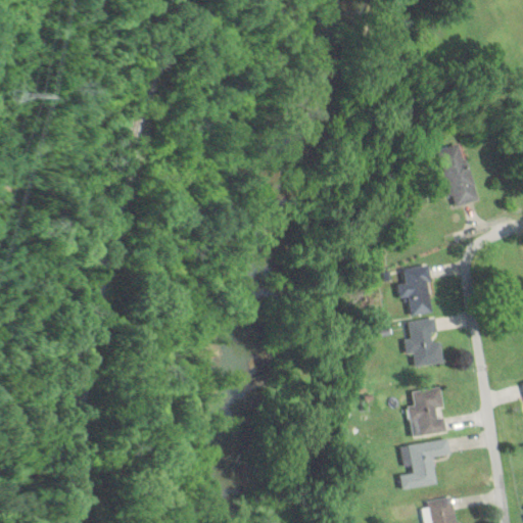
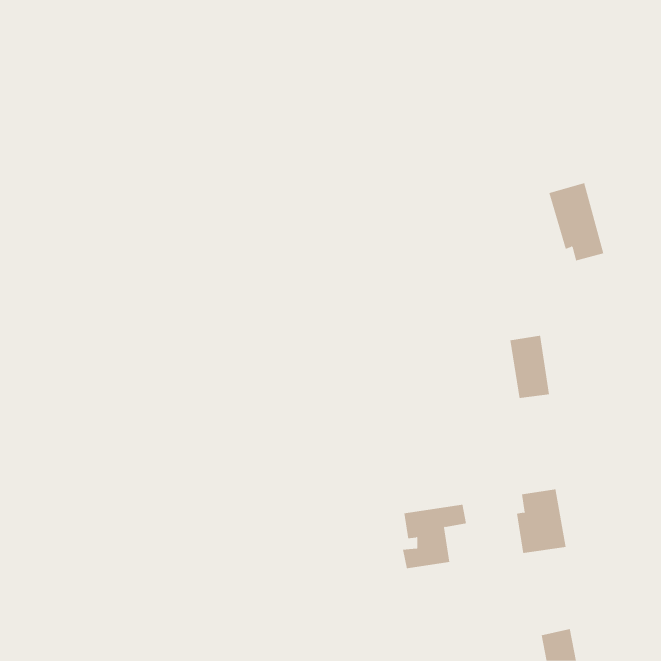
building: [403,318,441,366] -> none
building: [399,438,450,489] -> [402,504,467,569]

